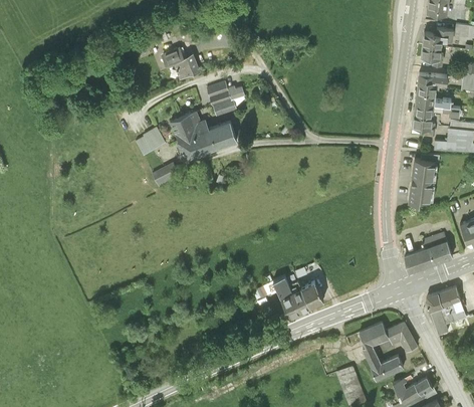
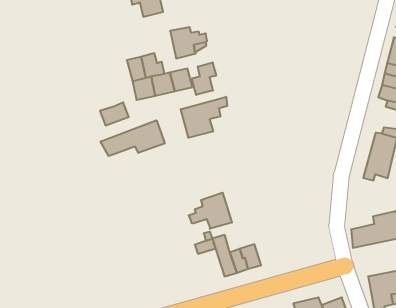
building: none -> [192,62,216,95]
building: [137,128,165,154] -> none
building: none -> [181,97,227,138]
building: none -> [101,120,165,156]
building: none -> [189,193,232,229]

